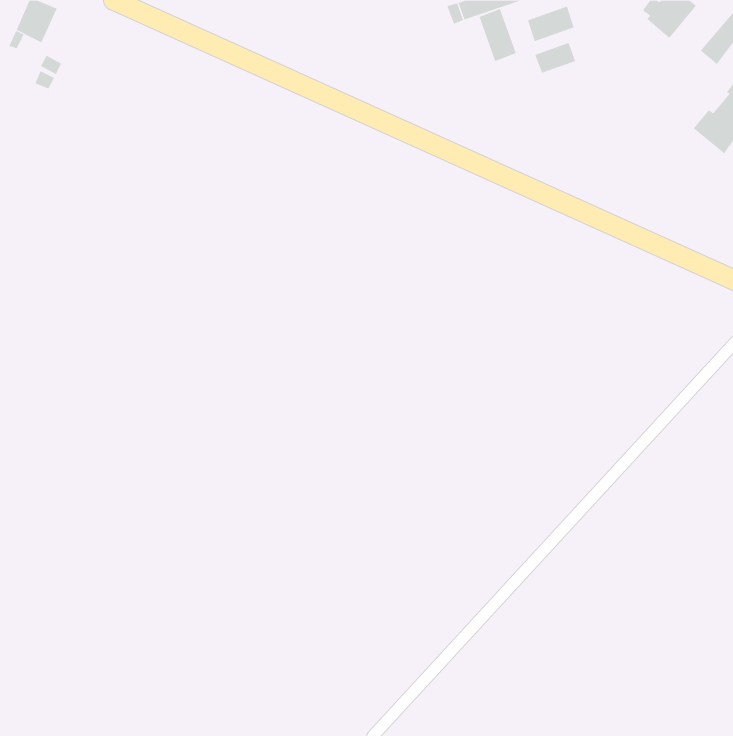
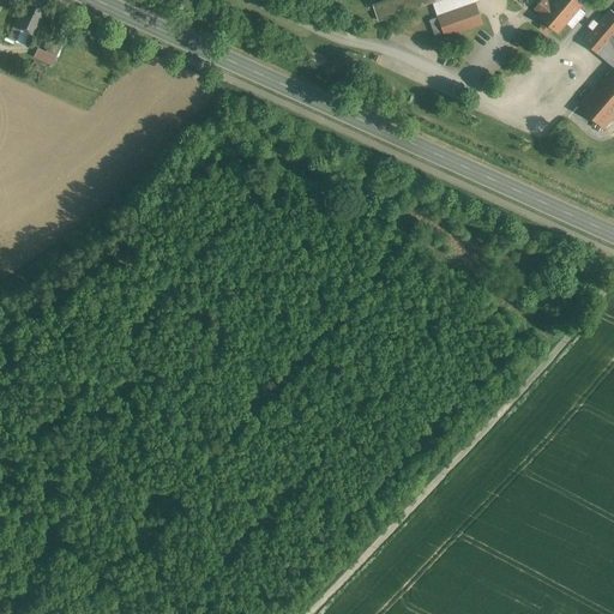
building: [479,8,516,62] -> none
building: [535,42,576,74] -> none

